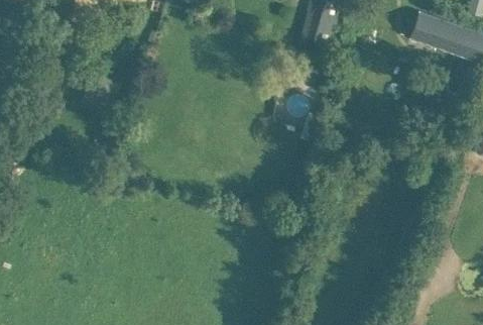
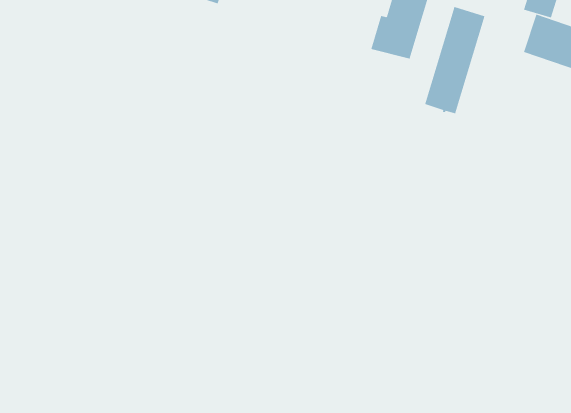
building: none -> [425,6,485,114]

